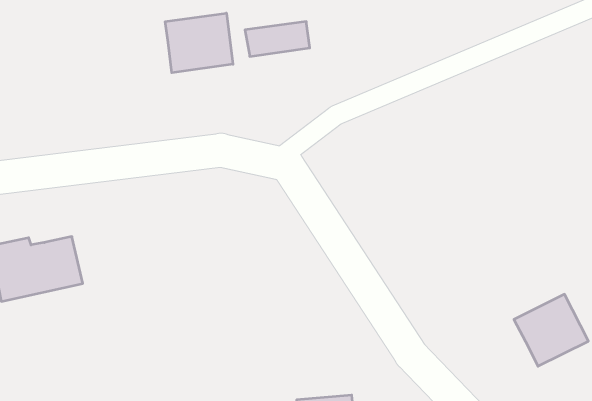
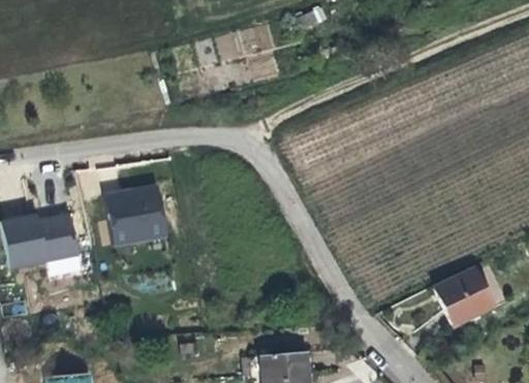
building: [165,13,233,73] -> none
building: none -> [101,181,164,244]

